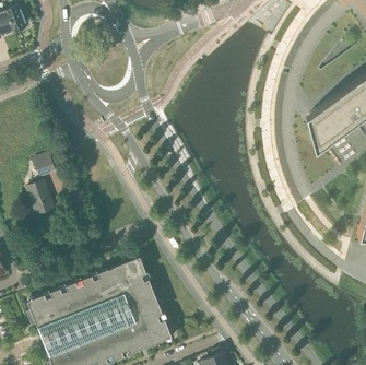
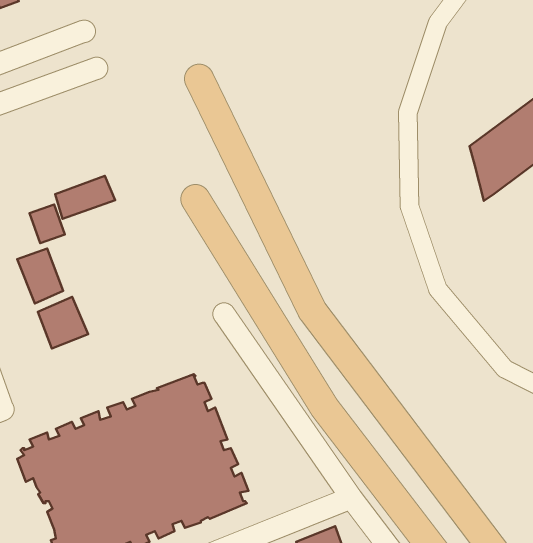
building: none -> [55,176,115,219]
building: none -> [38,297,88,349]

